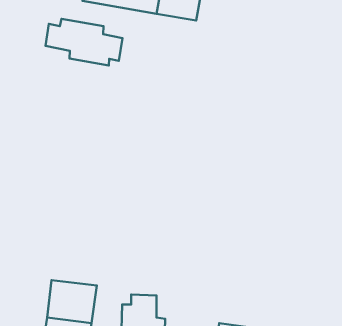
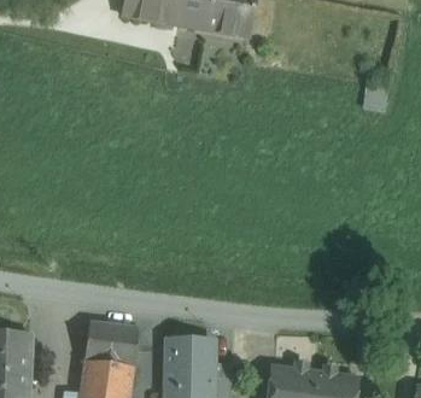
building: [45,19,123,66] -> none

